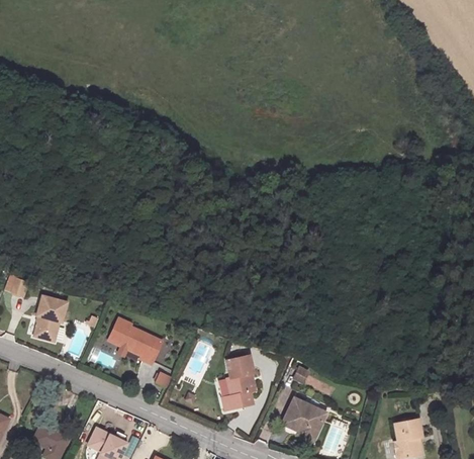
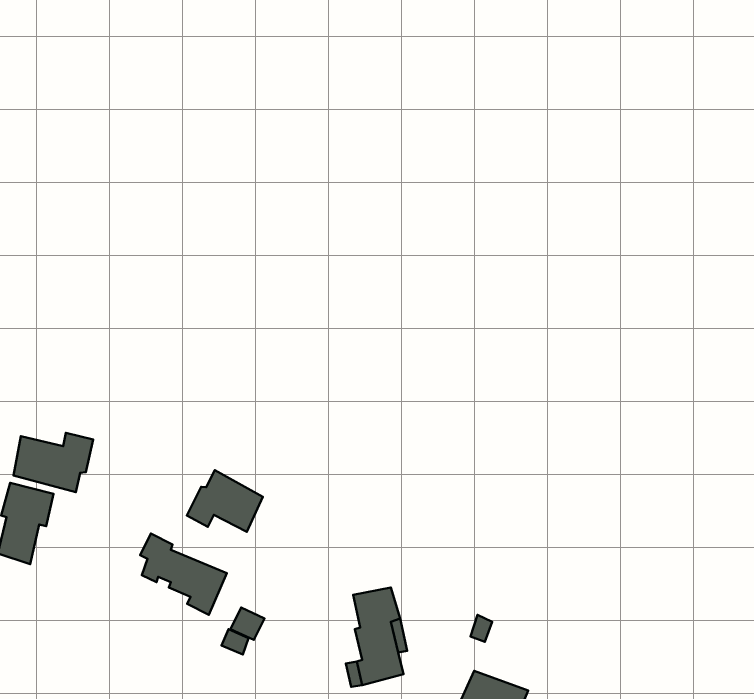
building: none -> [14,433,93,492]
building: none -> [187,470,263,532]

